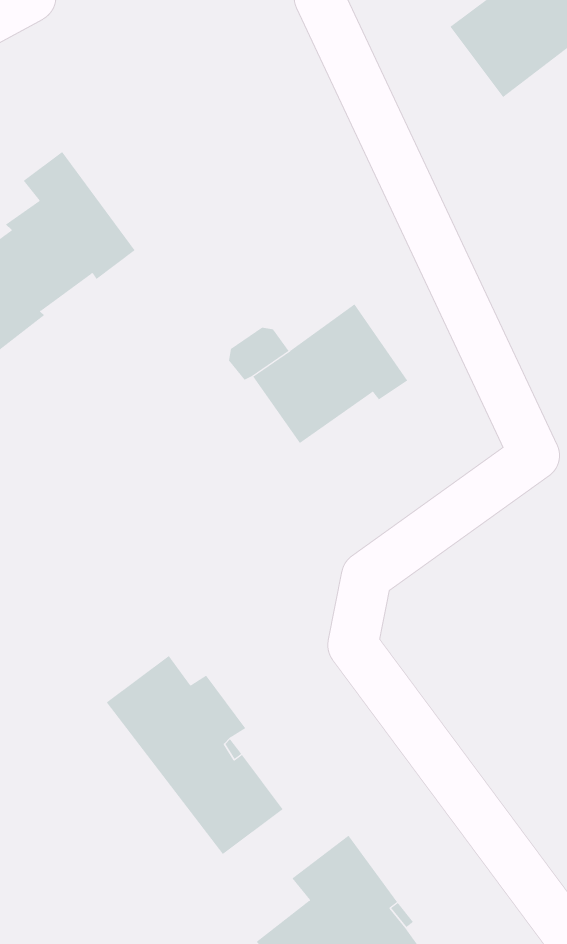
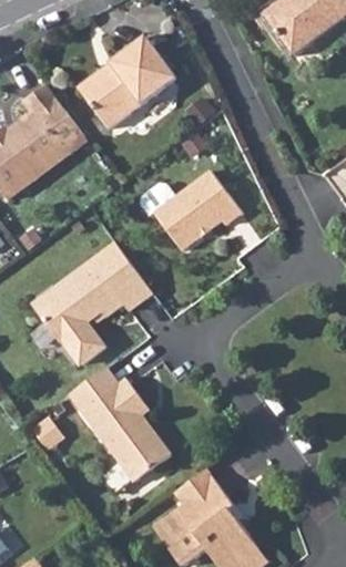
building: none -> [77,38,175,128]
building: none -> [31,244,152,365]

